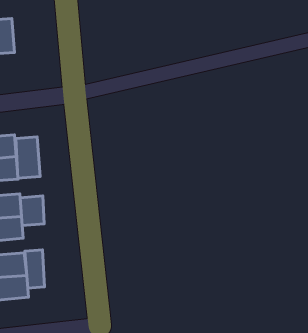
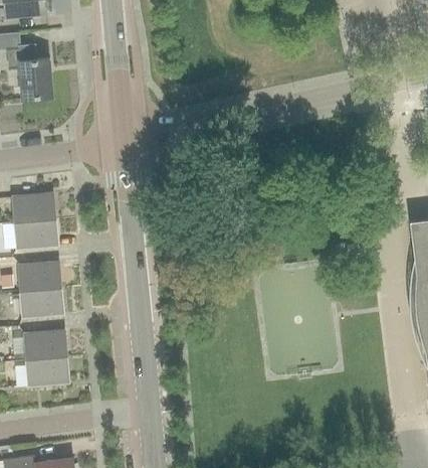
building: [16,137,40,178] -> none
building: [20,196,44,225] -> none
building: [25,250,45,288] -> none

